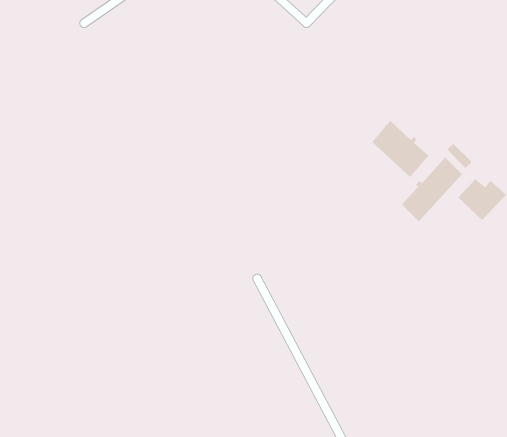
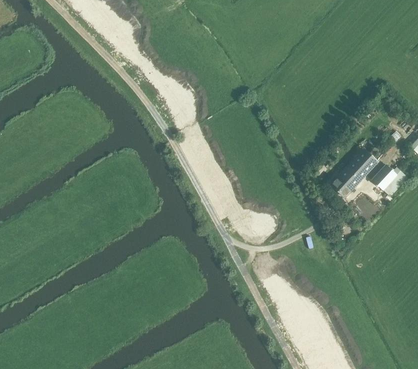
building: [371,120,429,178] -> none

